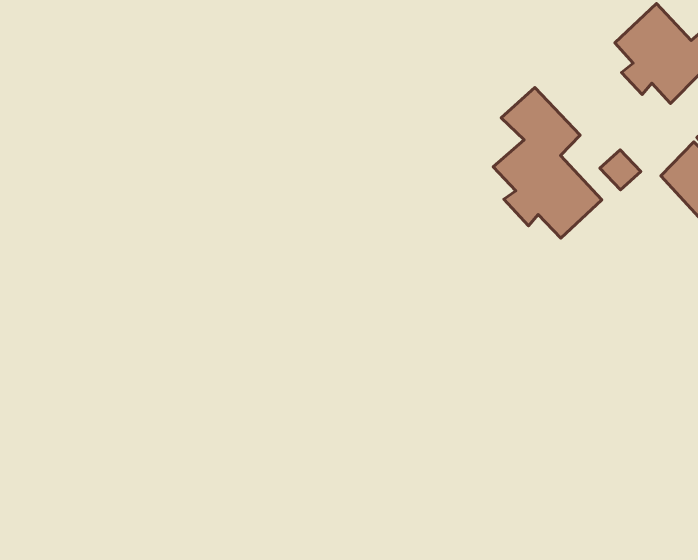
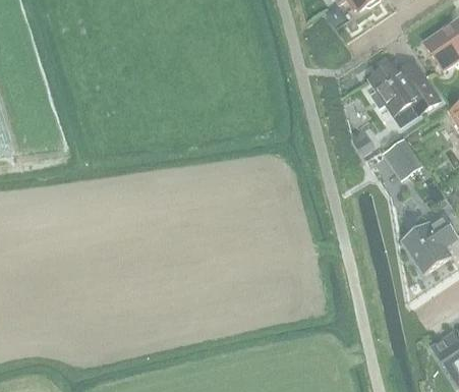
building: [493,88,602,238] -> none

